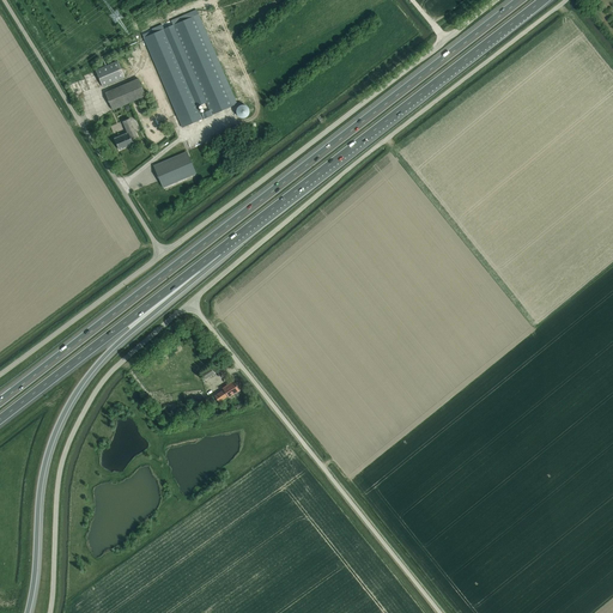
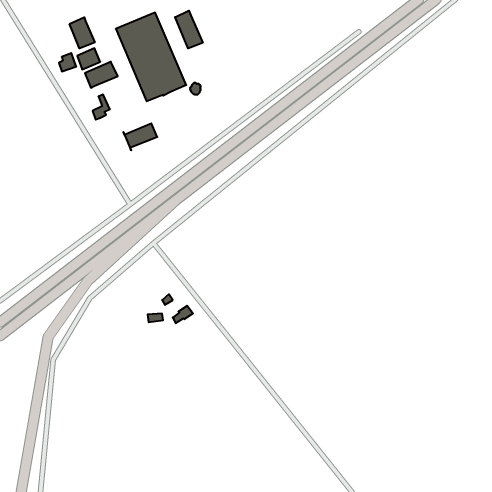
building: none -> [175,11,203,48]
building: none -> [70,17,95,48]

